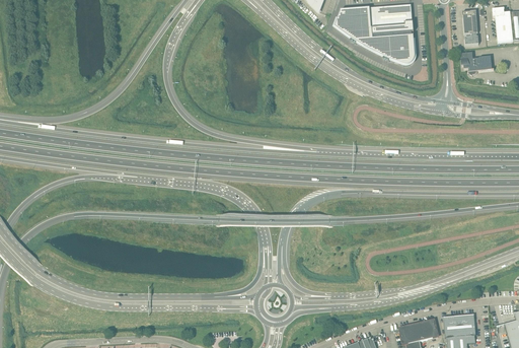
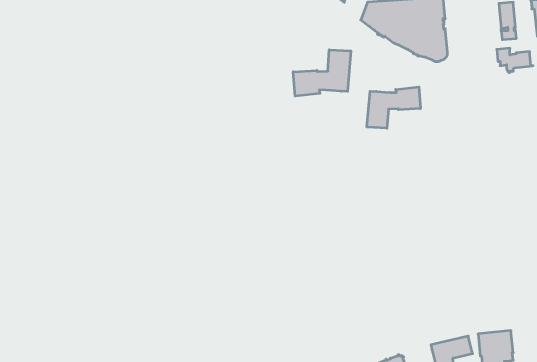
building: none -> [293,50,351,96]
building: none -> [367,87,420,128]

